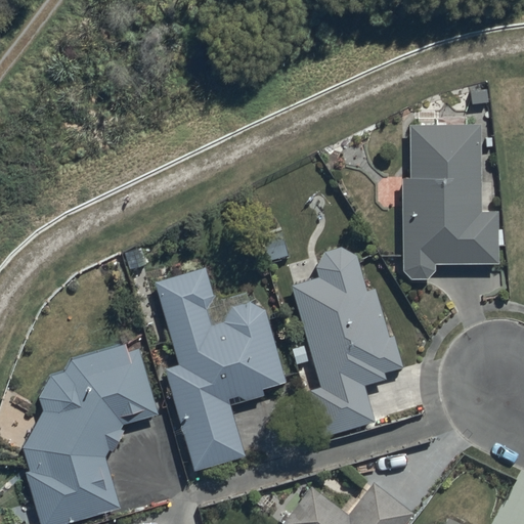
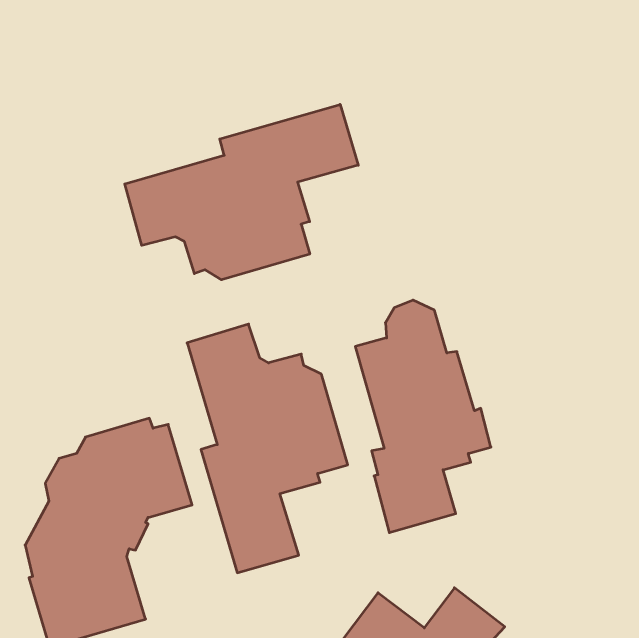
building: none -> [125,104,358,280]
building: [402,126,497,279] -> none

